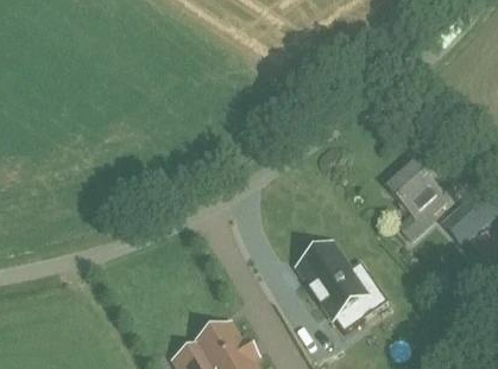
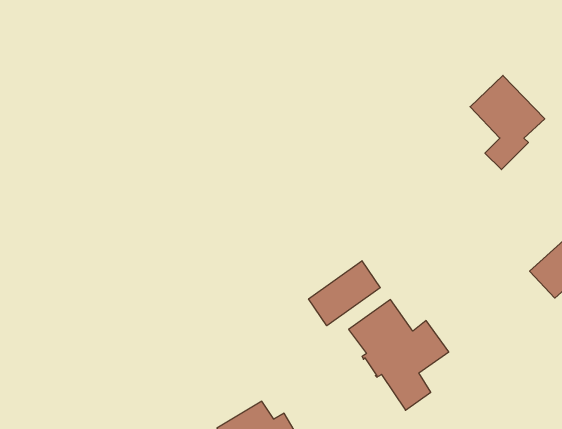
building: [385,160,445,235] -> [470,75,545,170]
building: none -> [309,261,380,326]

